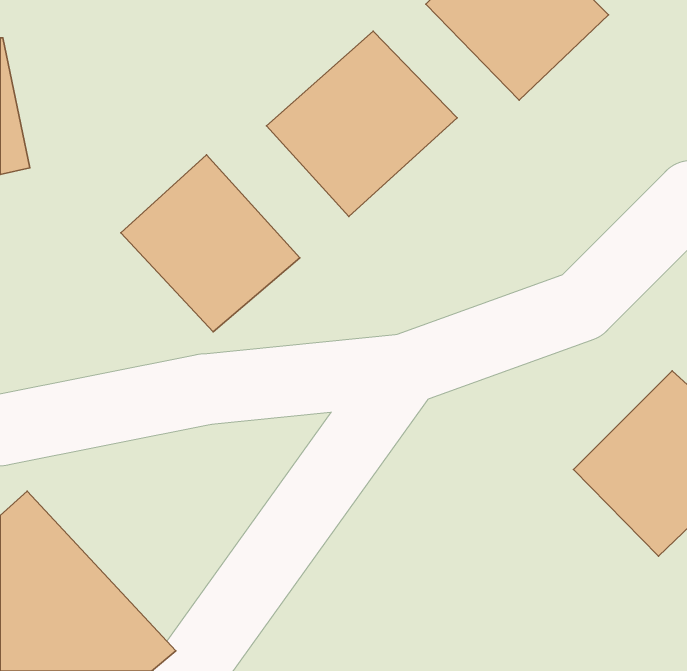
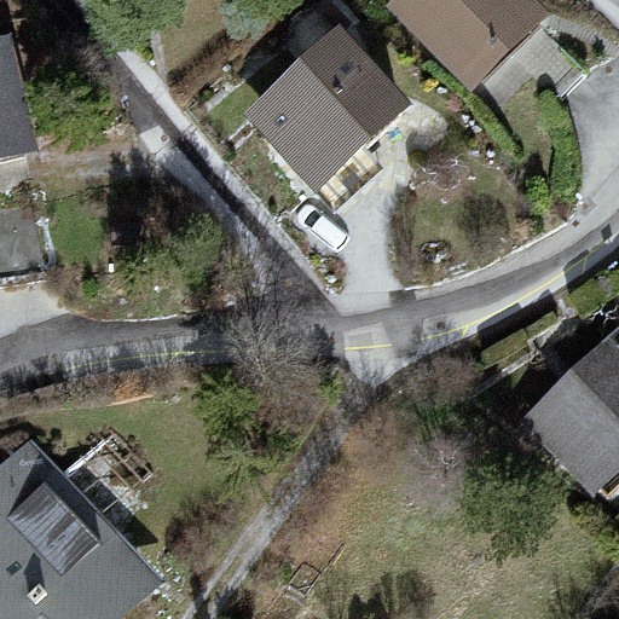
building: [121,155,300,332] -> none

